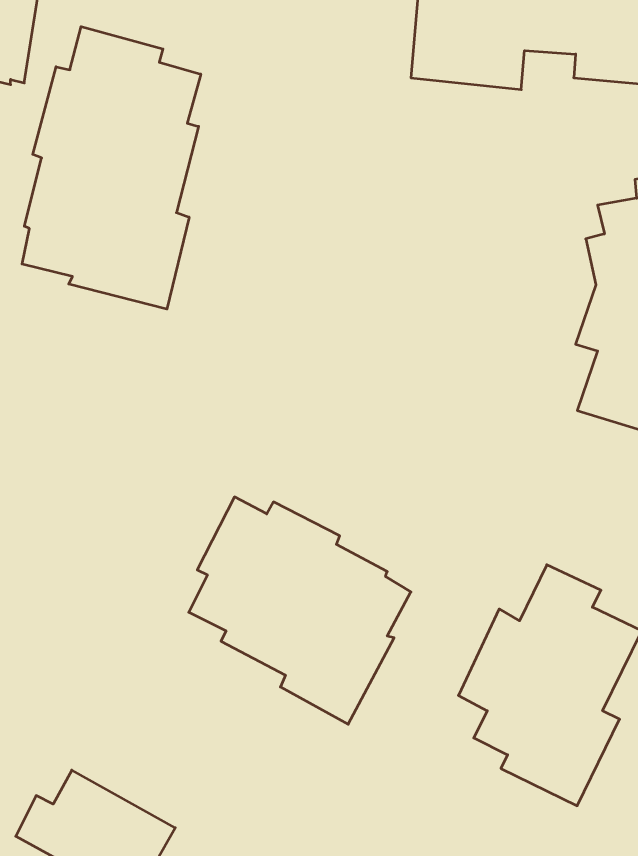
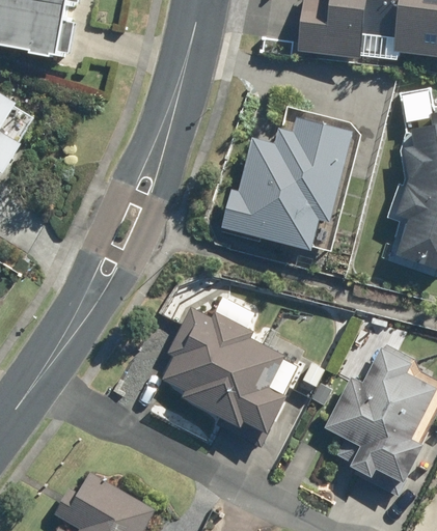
building: [22,27,201,309] -> none
building: none -> [221,114,355,249]

